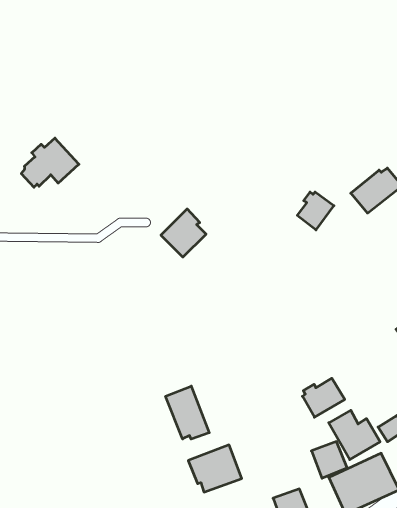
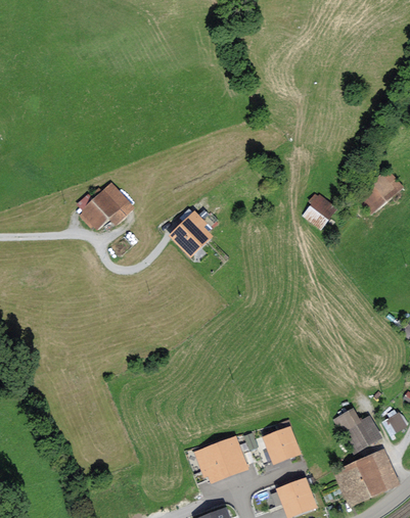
building: [21,138,79,187] -> [79,181,135,229]
building: [302,378,345,417] -> none
building: [166,386,209,439] -> none
building: [311,442,347,478] -> [264,431,299,467]

